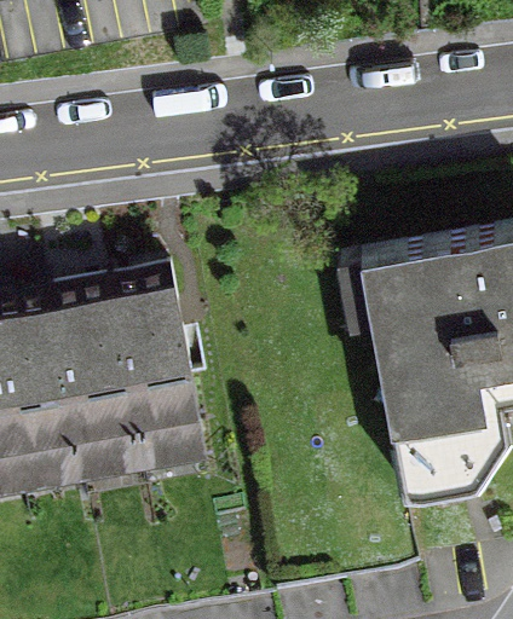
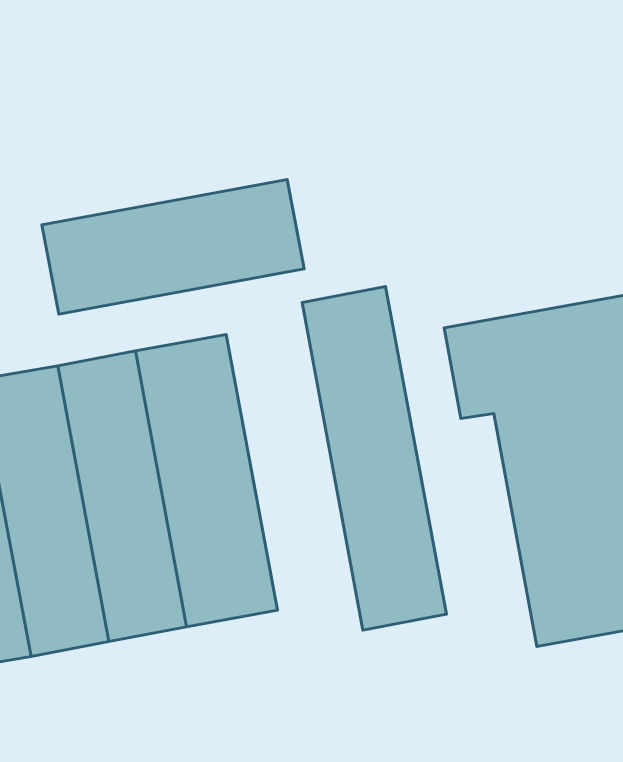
building: none -> [42,179,304,314]
building: none -> [302,287,446,630]

